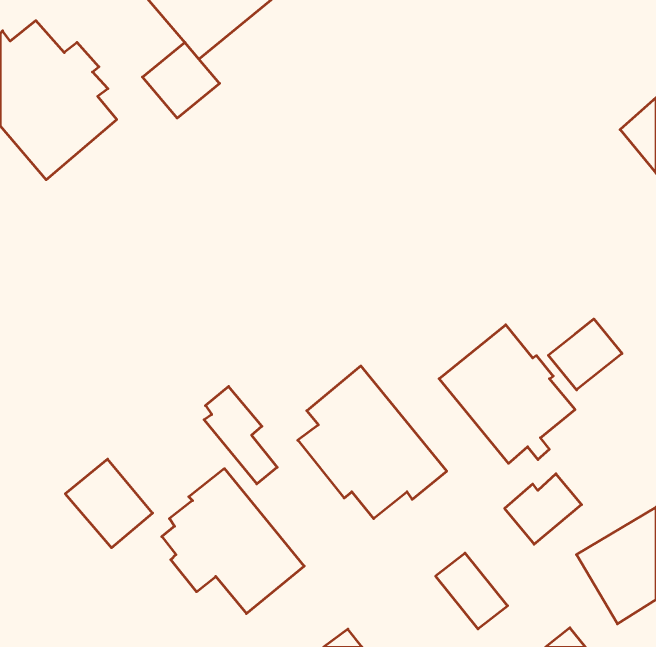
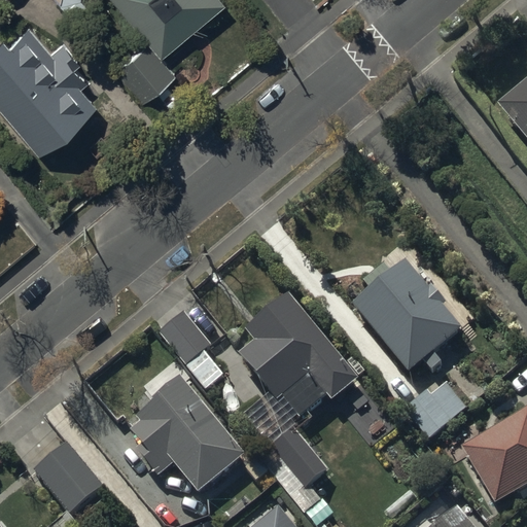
building: [548,319,622,390] -> none
building: [65,459,153,548] -> [33,441,103,512]
building: [436,553,508,629] -> [270,426,327,487]

